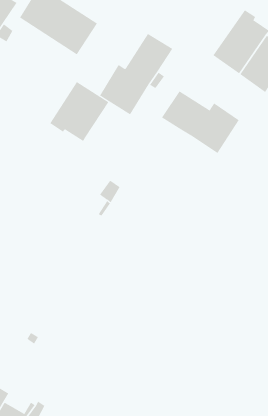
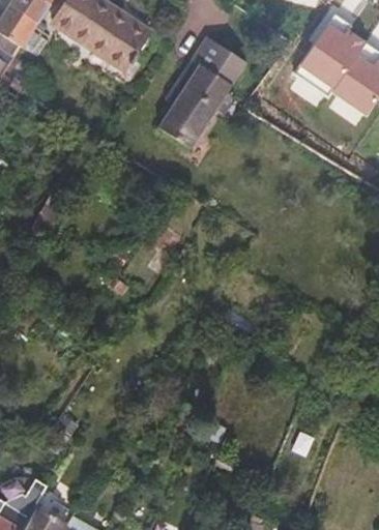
building: [50,81,109,142] -> none
building: [161,91,240,154] -> none

